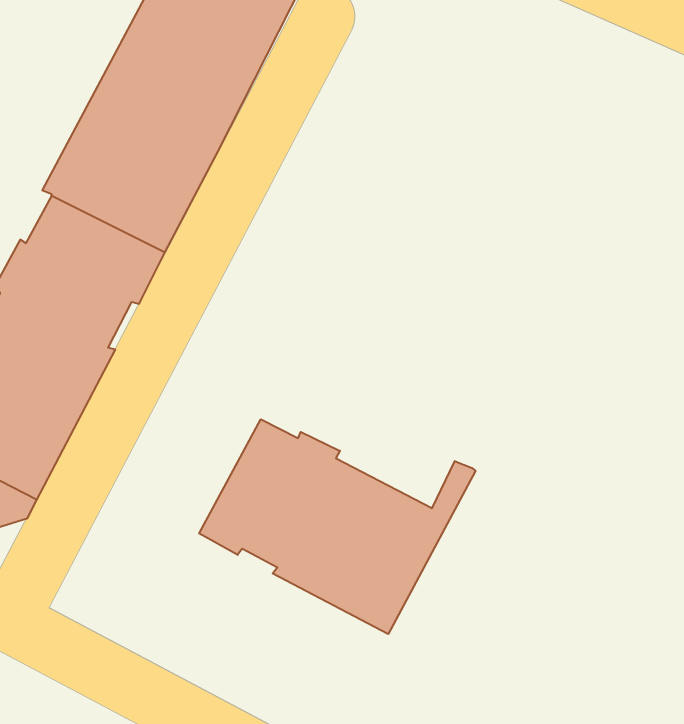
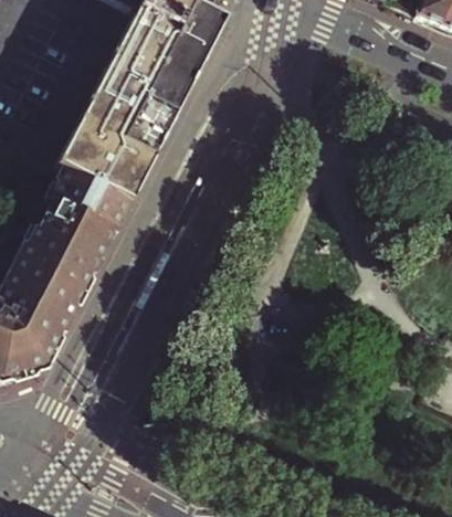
building: [199,419,475,634] -> none

